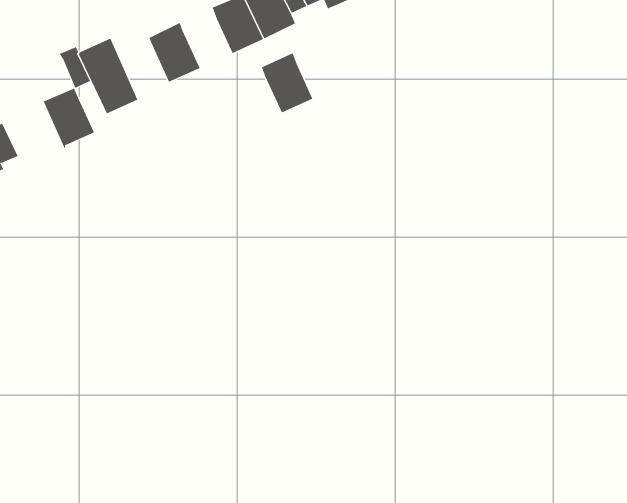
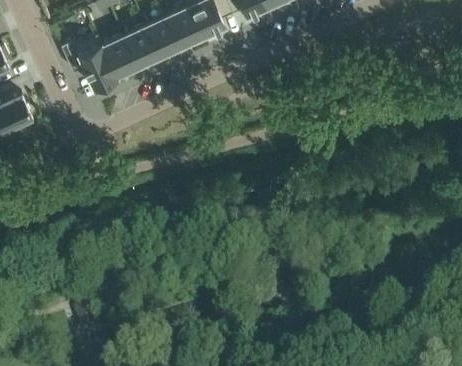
building: [261,53,313,113] -> [144,17,180,59]
building: [37,88,95,150] -> [96,38,136,81]

